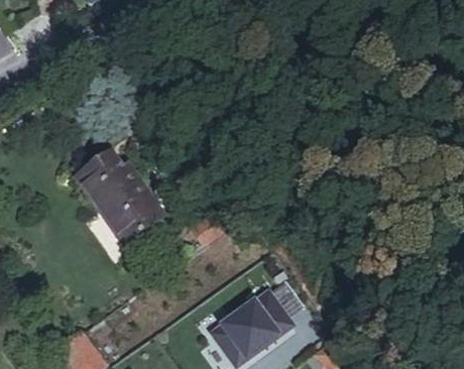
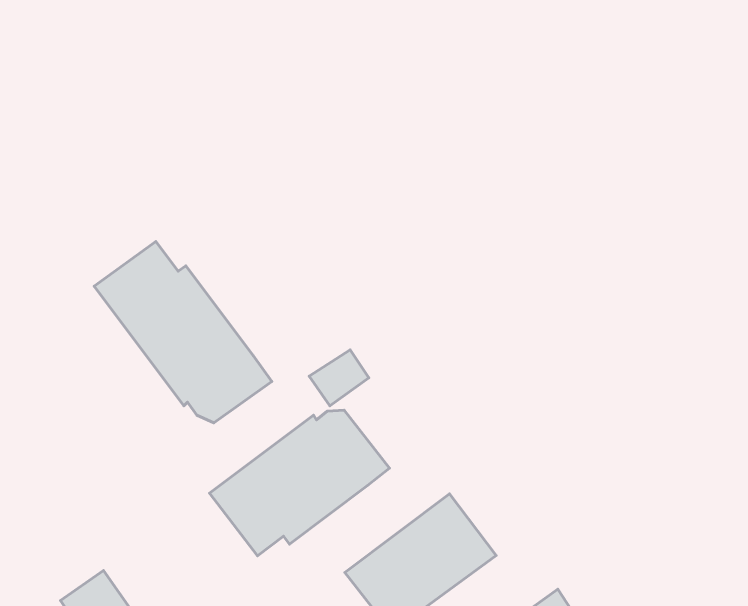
building: none -> [209,410,389,556]

